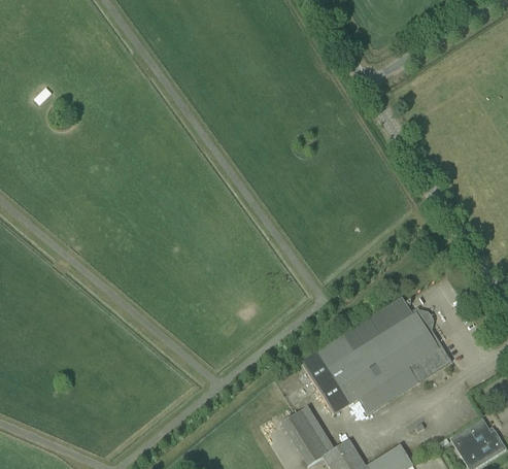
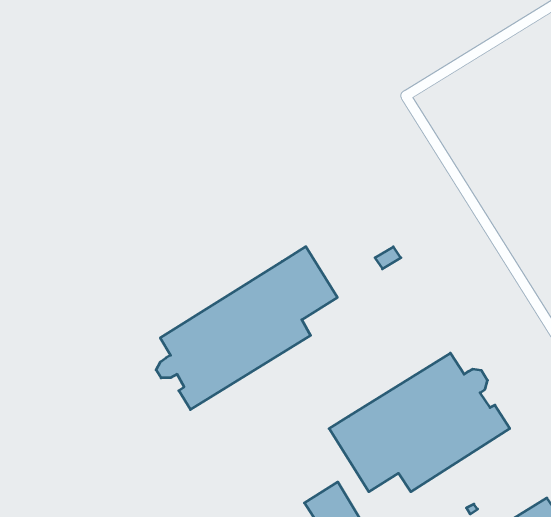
building: none -> [156,247,337,410]

